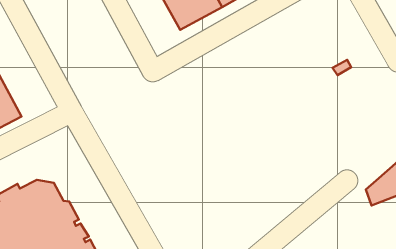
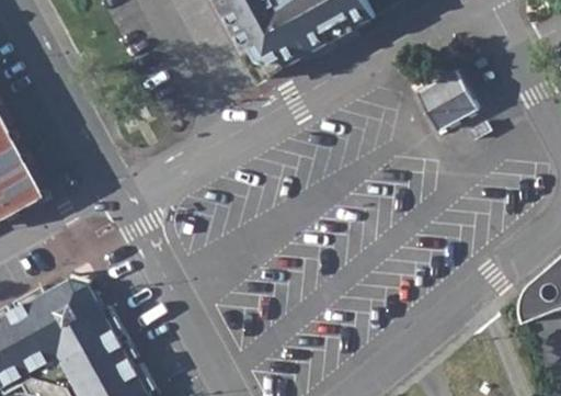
building: none -> [415,71,477,131]

